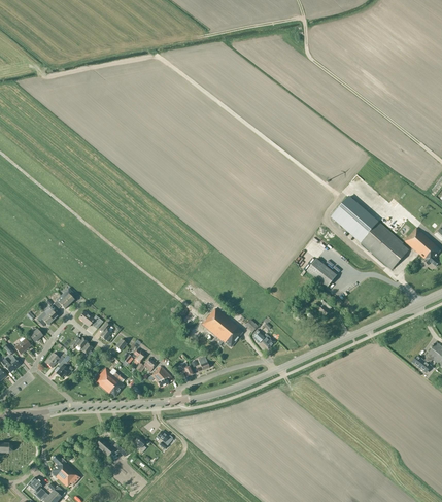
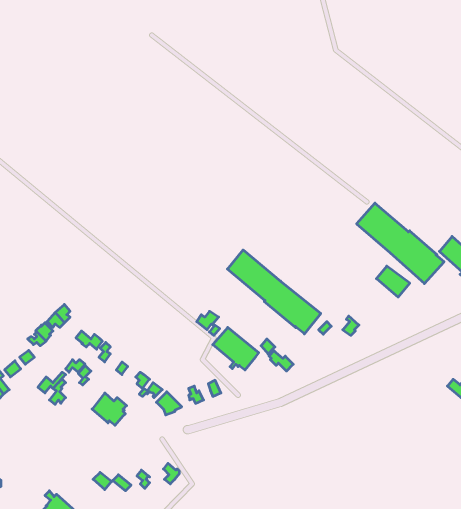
building: none -> [227,250,321,334]
building: [307,259,337,287] -> [376,266,410,297]

